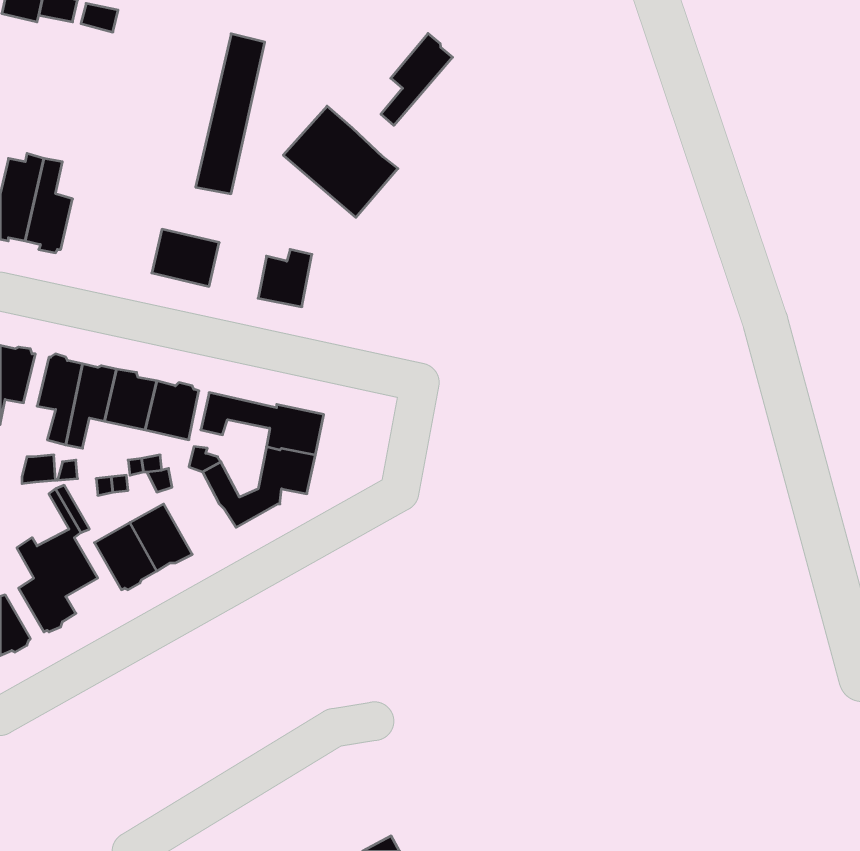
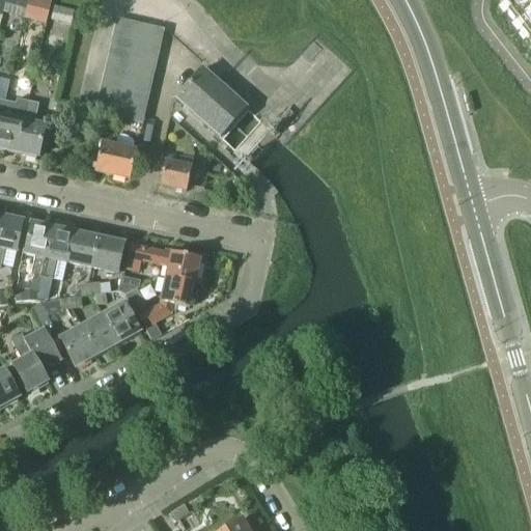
building: none -> [95,15,143,115]
building: [381,33,453,125] -> none
building: none -> [102,298,140,341]

